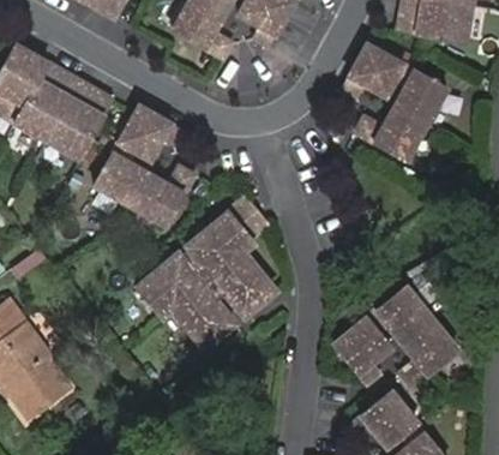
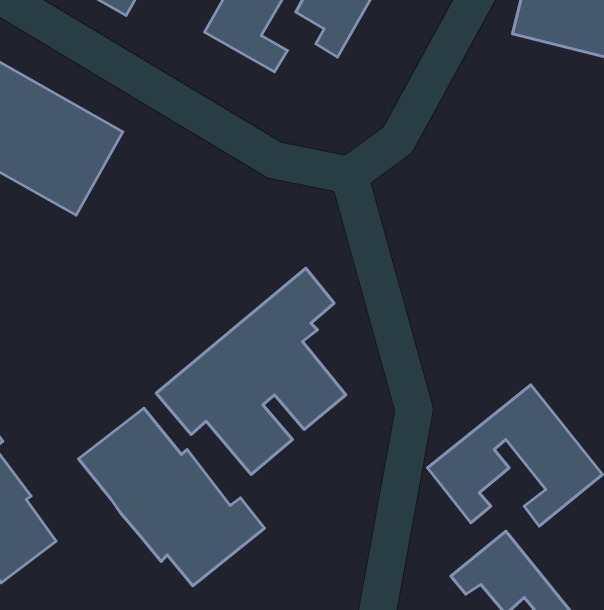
building: [336,40,441,157] -> none
building: [94,104,193,226] -> none
building: none -> [78,408,264,586]

